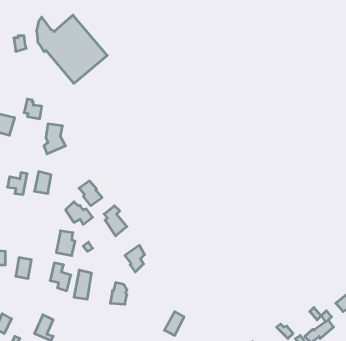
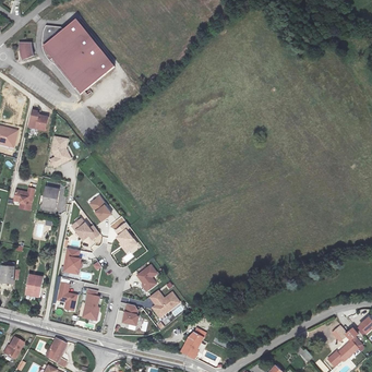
building: none -> [149,289,181,316]

